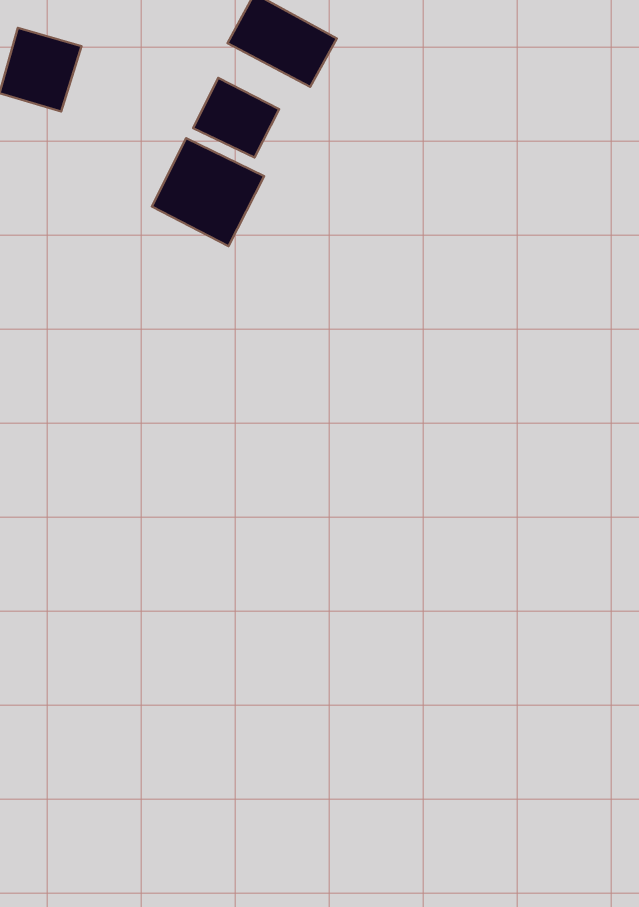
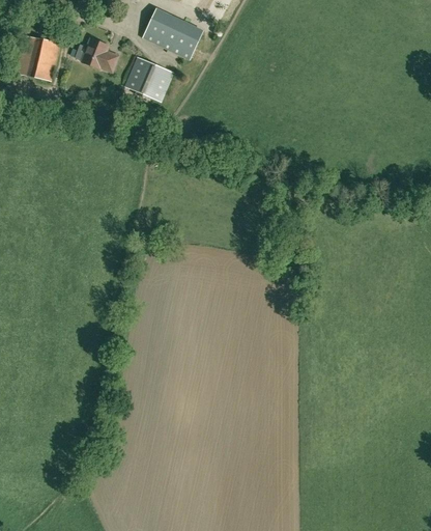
building: none -> [82,38,118,72]
building: [152,138,264,246] -> none

